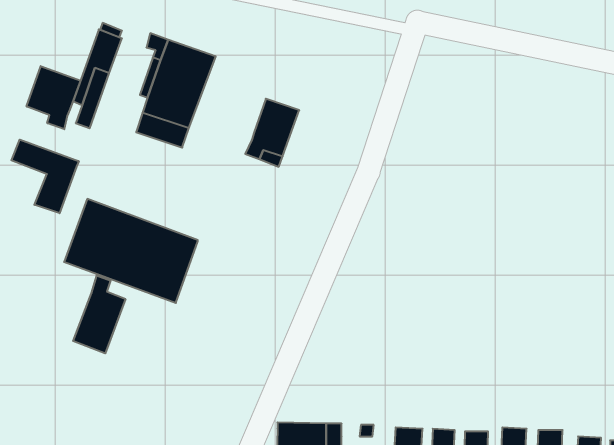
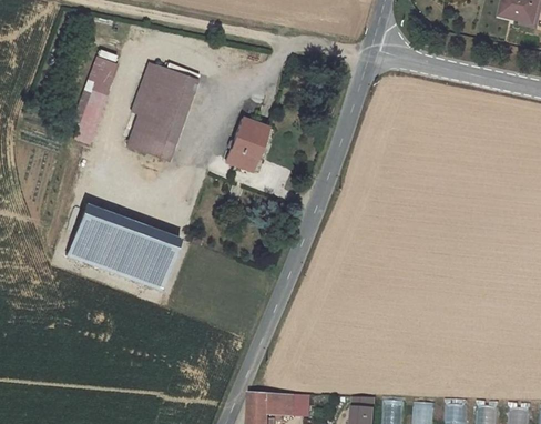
building: [27,66,81,129] -> none
building: [11,140,79,213] -> none
building: [73,275,125,353] -> none

